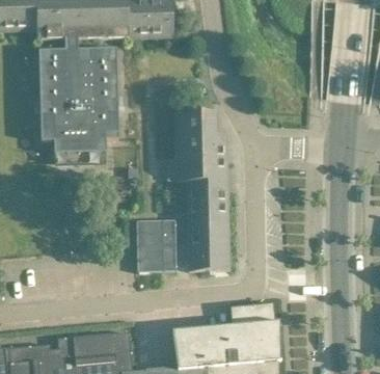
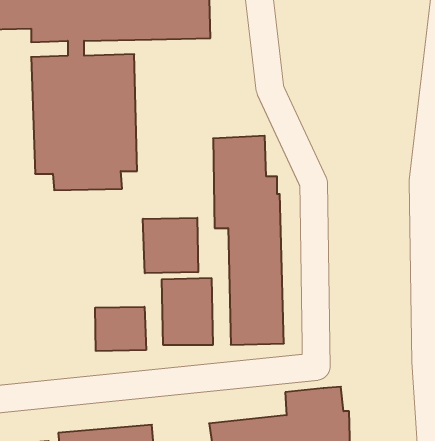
building: none -> [143,218,198,273]
building: none -> [95,307,146,351]

